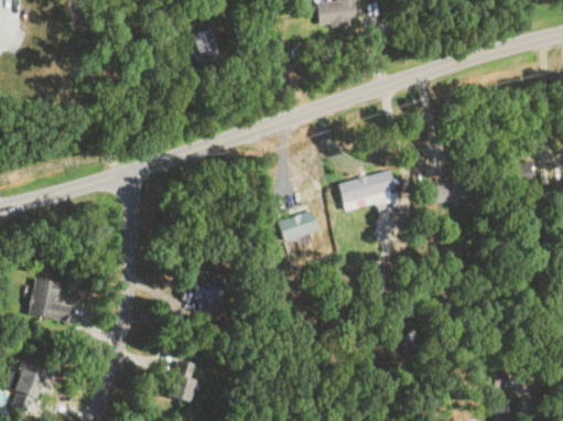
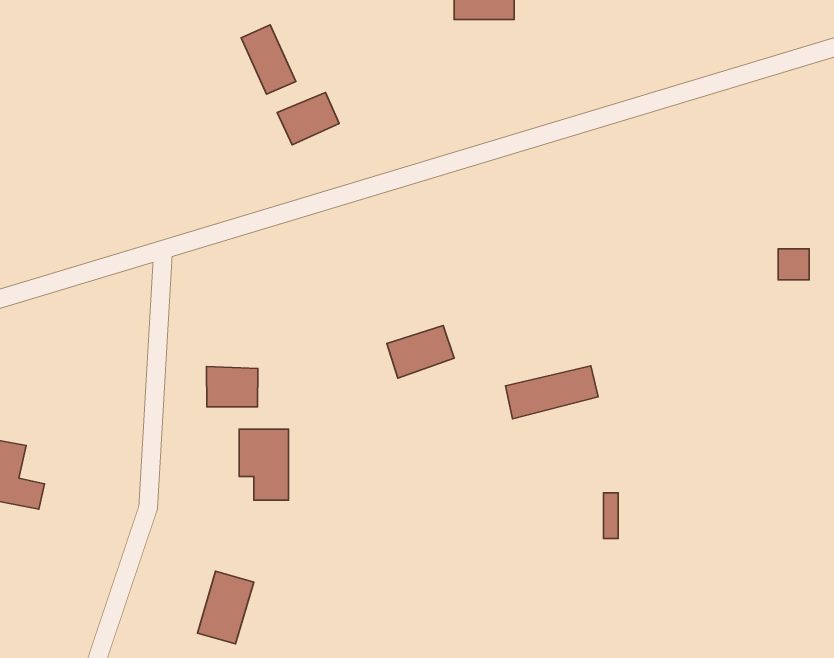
building: none -> [277,93,339,145]
building: [339,171,396,203] -> [505,366,598,419]
building: none -> [207,367,258,407]

